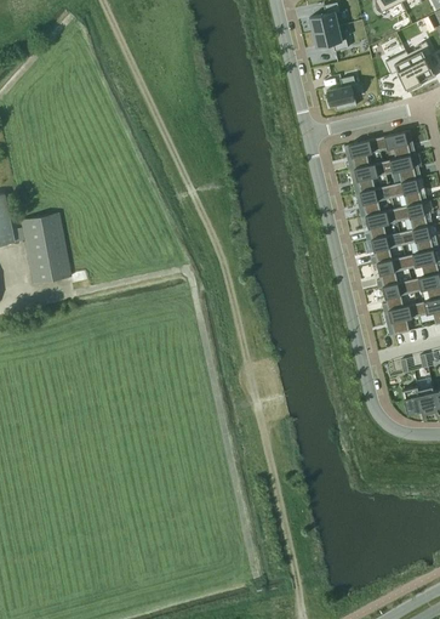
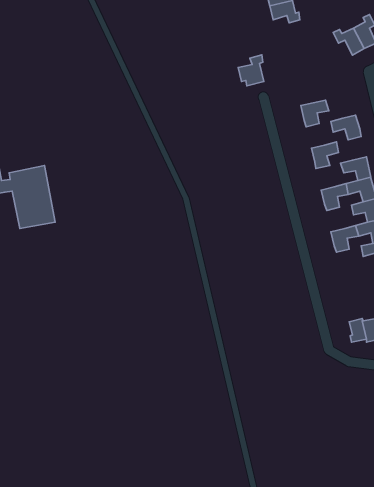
building: [326,76,355,112] -> [238,55,264,86]
building: [376,132,410,160] -> none
building: [354,164,384,194] -> none
building: [388,181,422,208] -> none
building: [365,211,396,242] -> none
building: [377,259,407,289] -> none
building: [388,305,418,336] -> none

